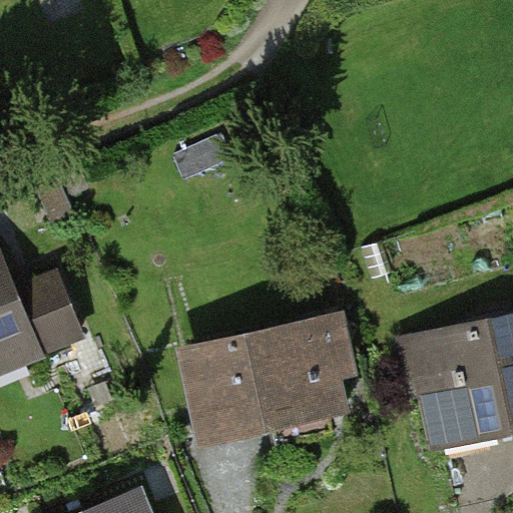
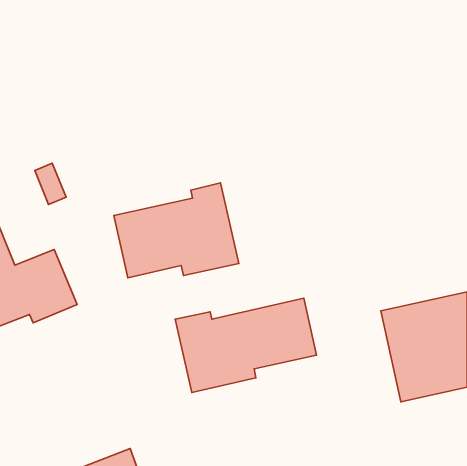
building: none -> [114,183,239,278]

